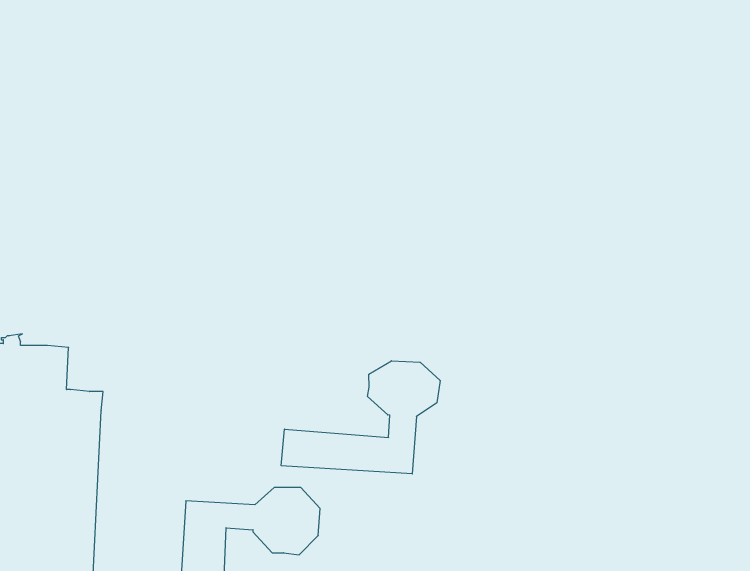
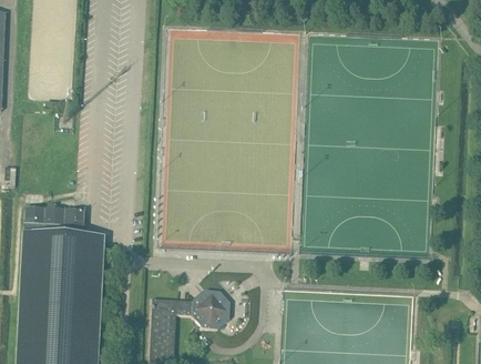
building: [281,361,440,474] -> none

